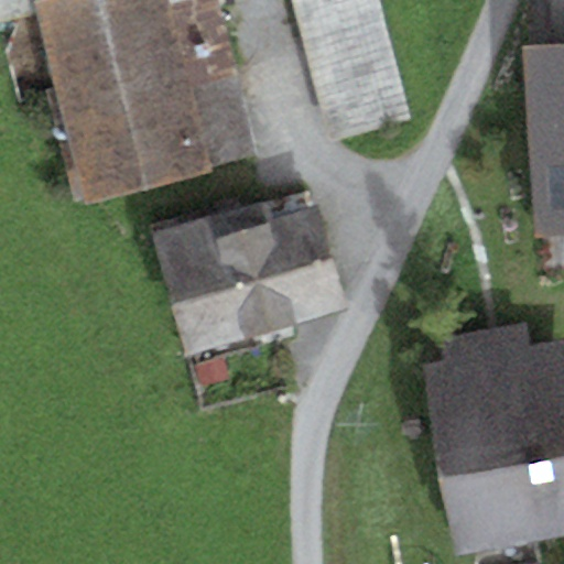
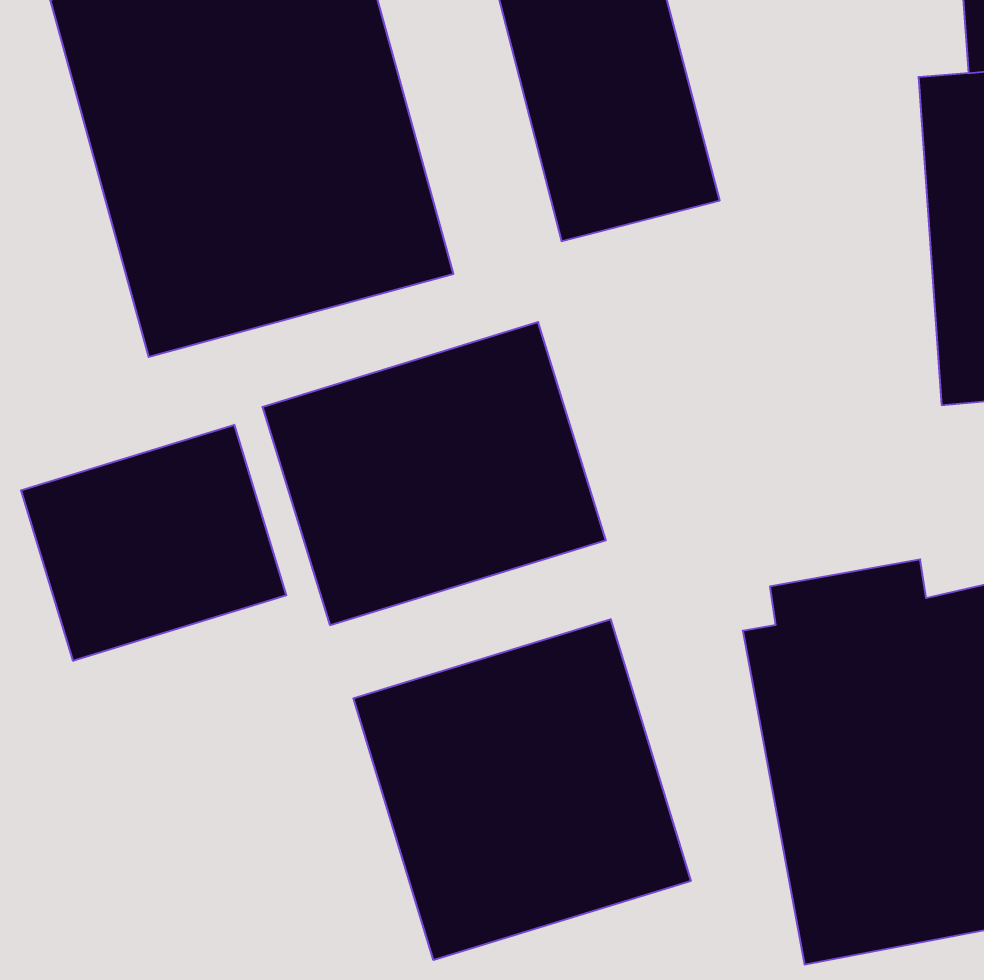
building: none -> [21,425,286,661]
building: none -> [353,619,691,960]

